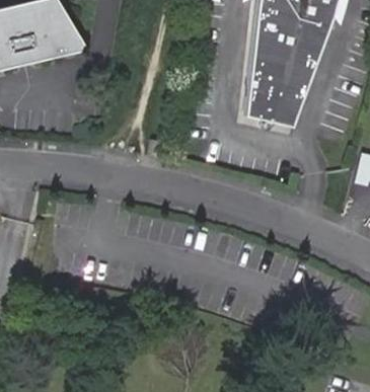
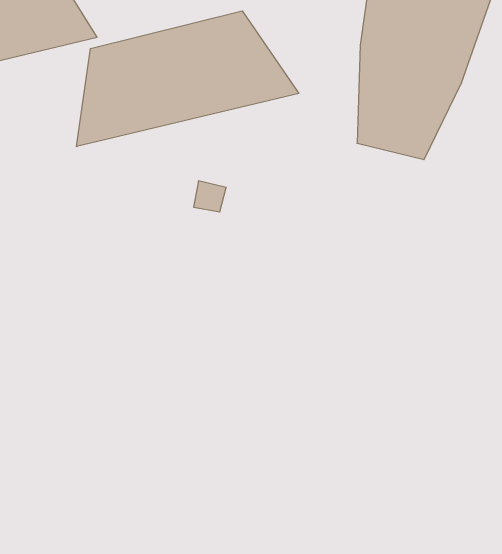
building: none -> [77,11,299,147]

